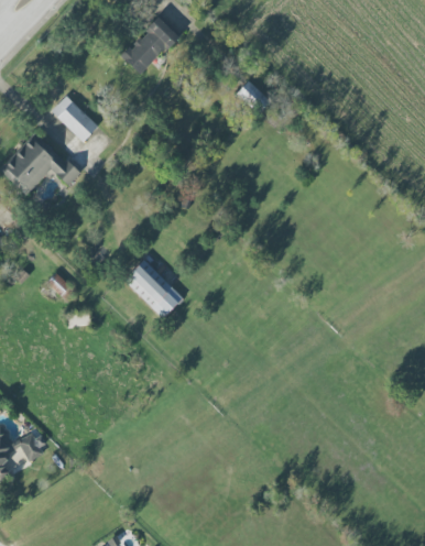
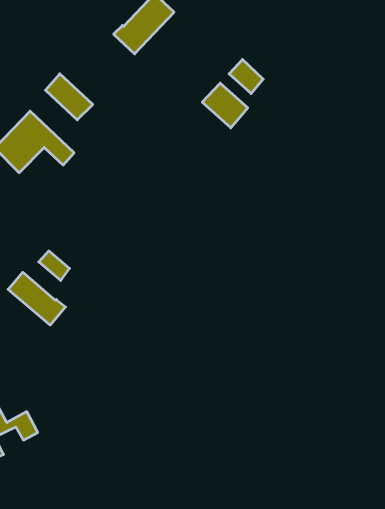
building: none -> [202,83,248,128]
building: [124,260,183,319] -> none
building: none -> [8,272,66,325]

